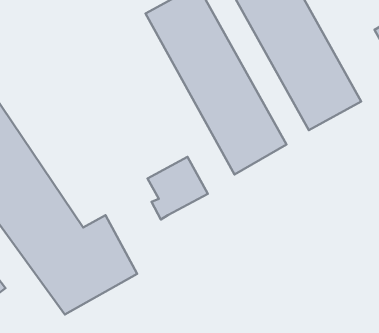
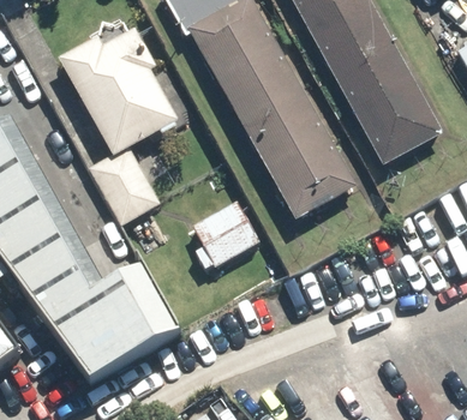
building: none -> [58,17,175,223]

